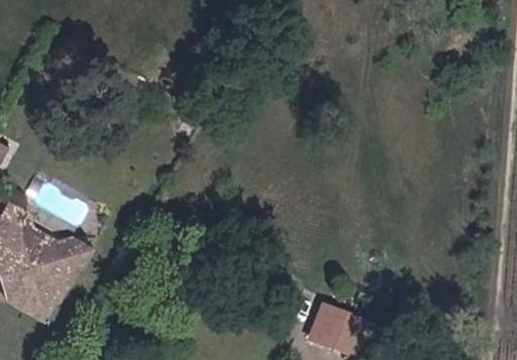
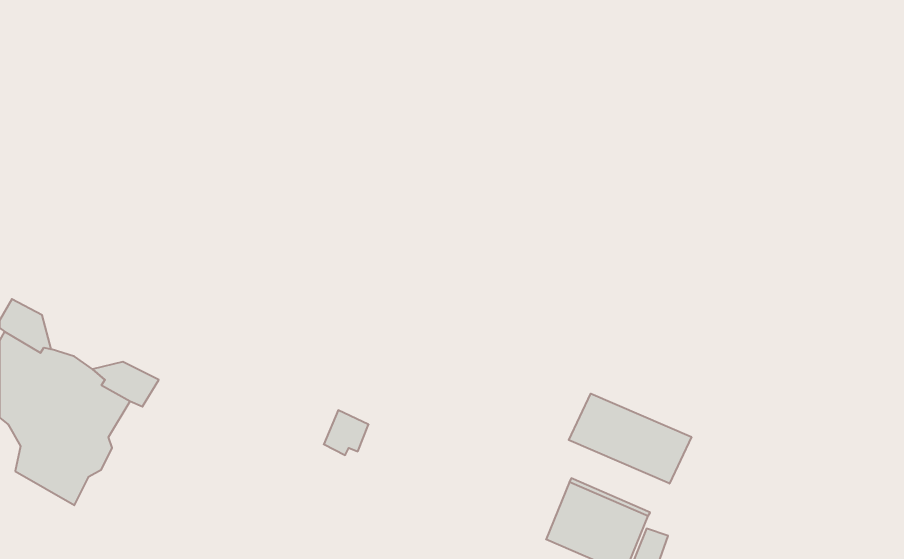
building: none -> [569,394,691,484]

